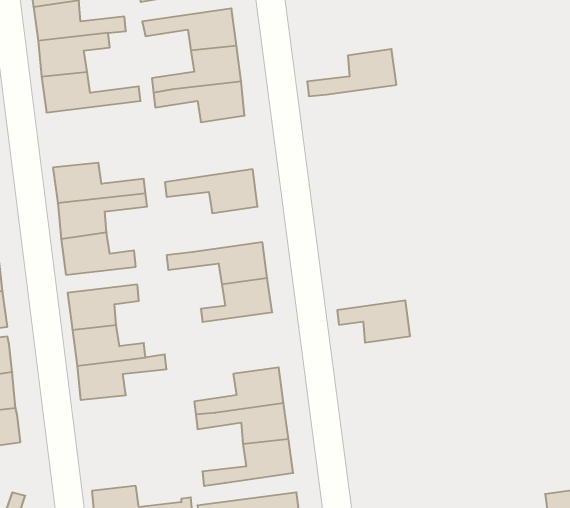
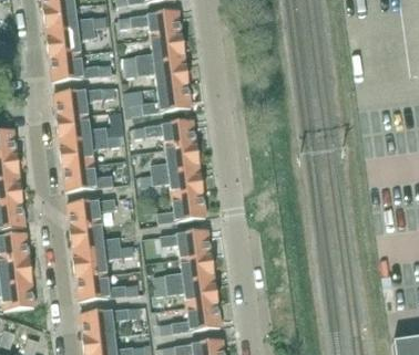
building: [307,49,396,96] -> [130,83,191,115]
building: none -> [53,86,119,118]
building: none -> [151,145,200,176]
building: [337,300,410,343] -> [161,230,211,259]
building: none -> [75,273,139,301]
building: none -> [80,306,147,338]

